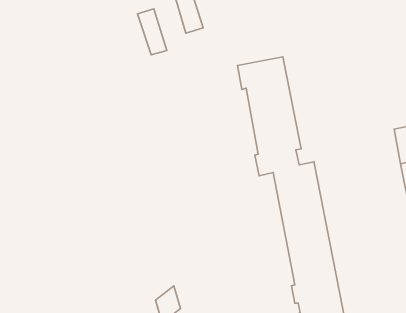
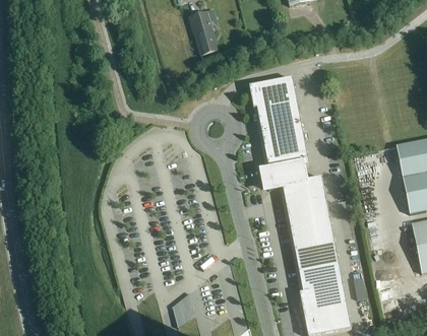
building: [138,9,167,55] -> none

